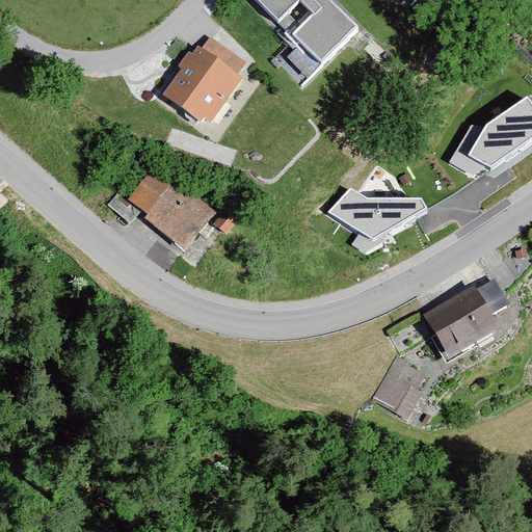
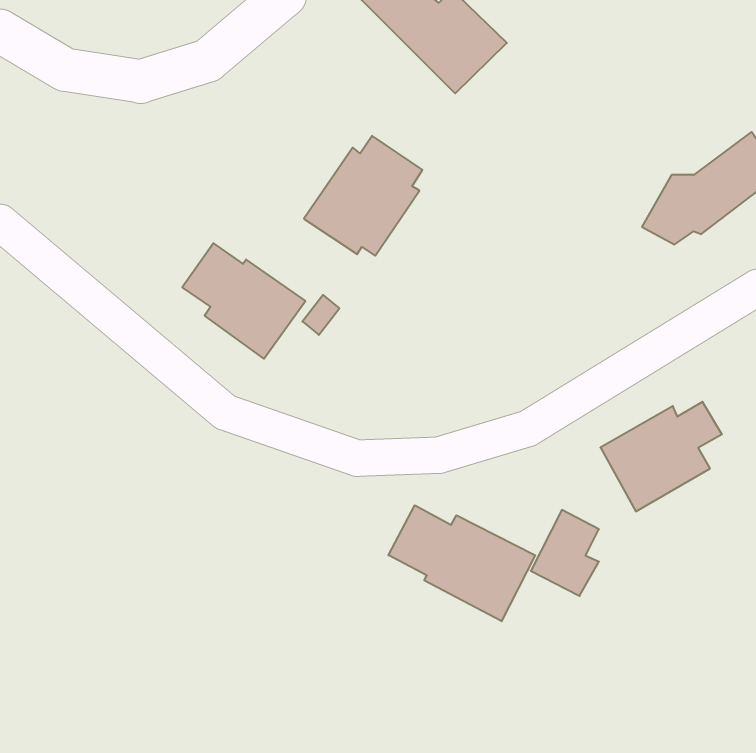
building: [161,41,244,125] -> [304,136,422,256]
building: [330,186,428,236] -> none
building: none -> [388,505,535,621]

